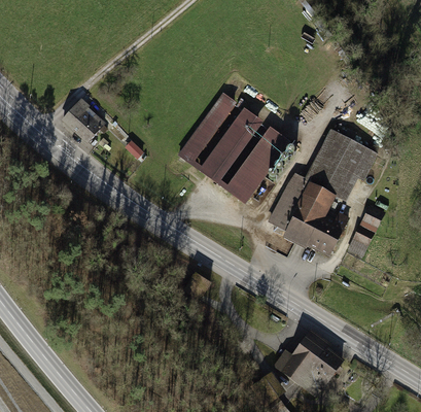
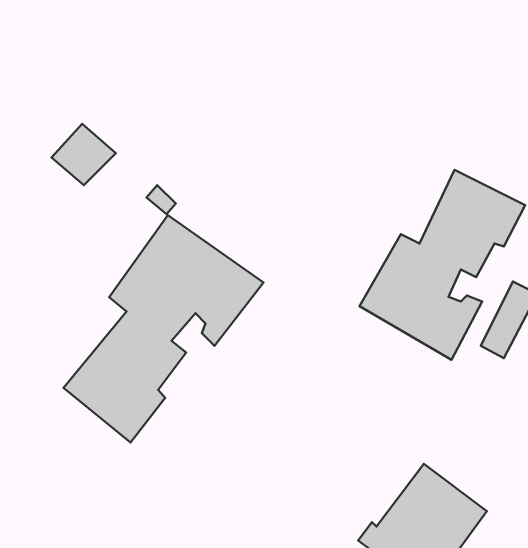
building: [176,91,290,204] -> none
building: none -> [63,215,263,443]

